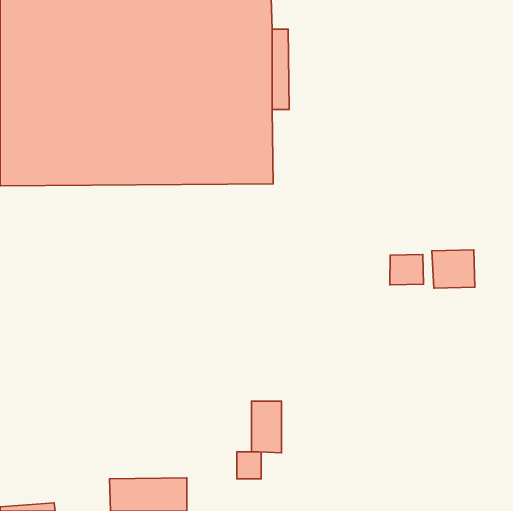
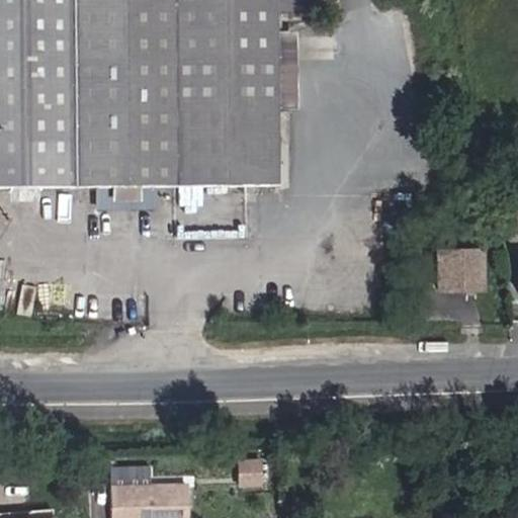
building: [390,254,424,285] -> none
building: [251,401,281,453] -> none

